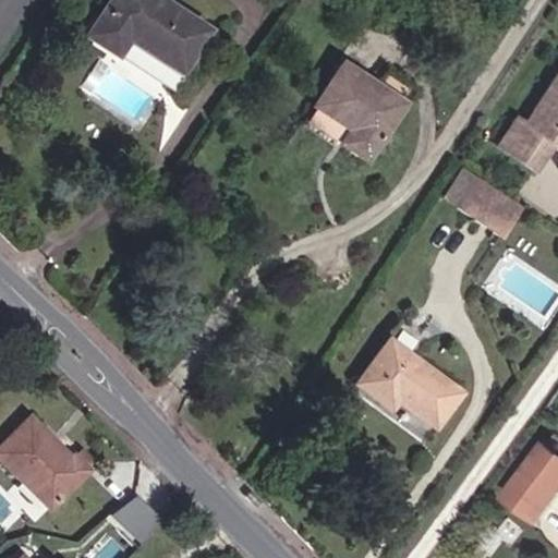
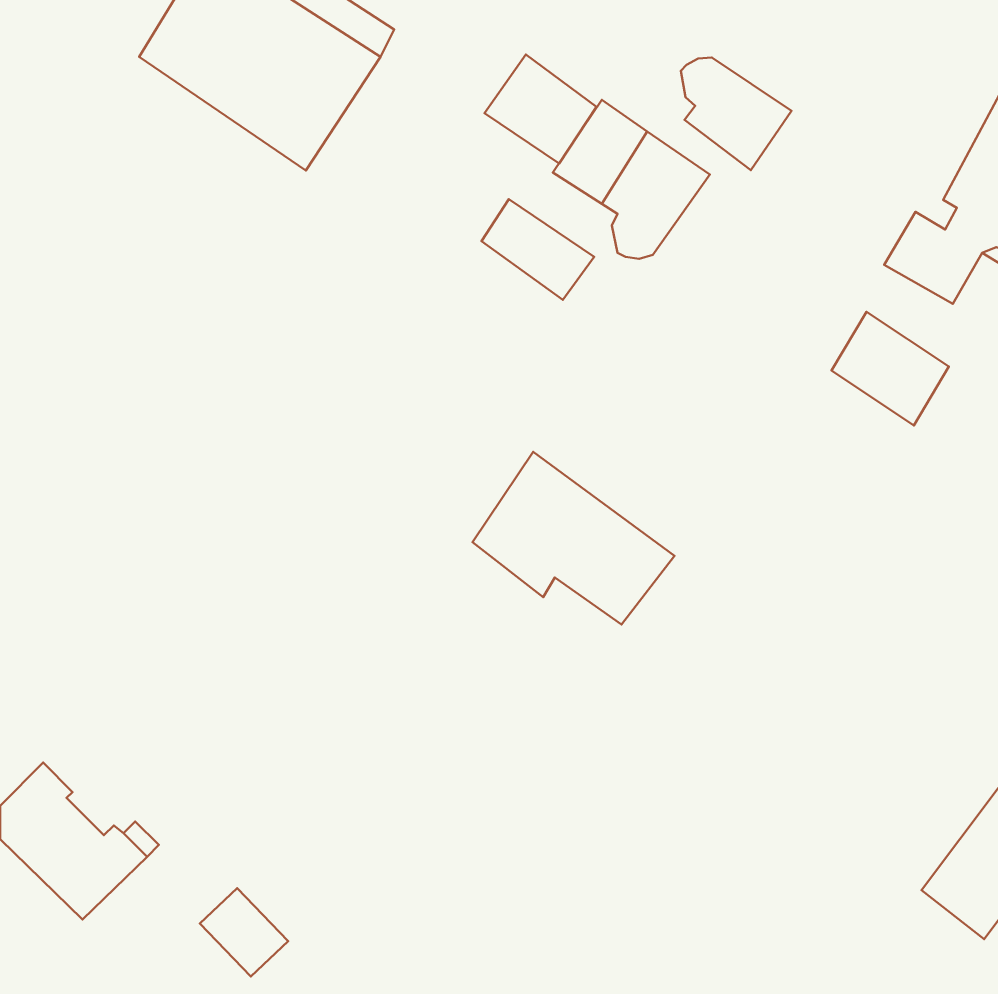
building: none -> [485,54,596,163]
building: none -> [681,57,792,170]
building: none -> [481,199,594,300]
building: [361,333,473,429] -> [472,452,674,624]

